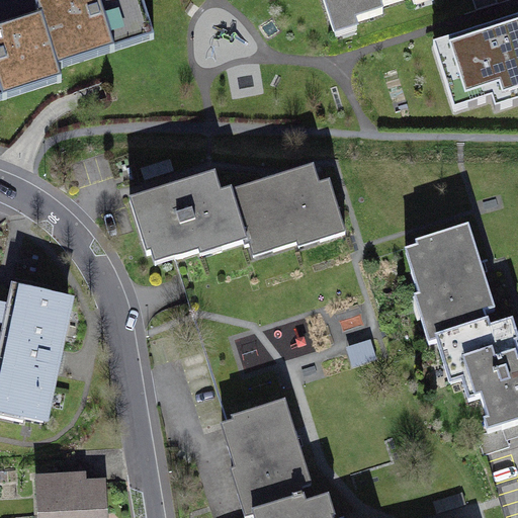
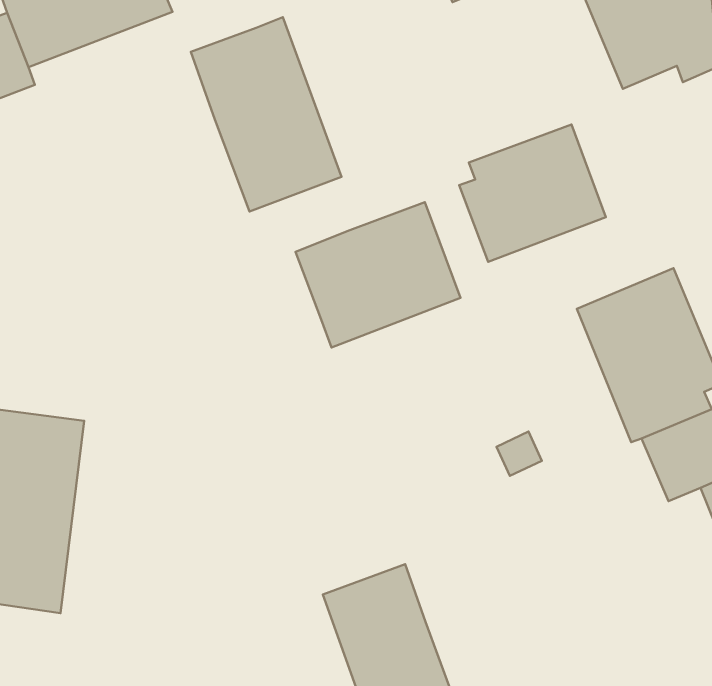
building: none -> [191,17,342,211]
building: none -> [459,125,606,262]
building: [132,174,236,263] -> none

